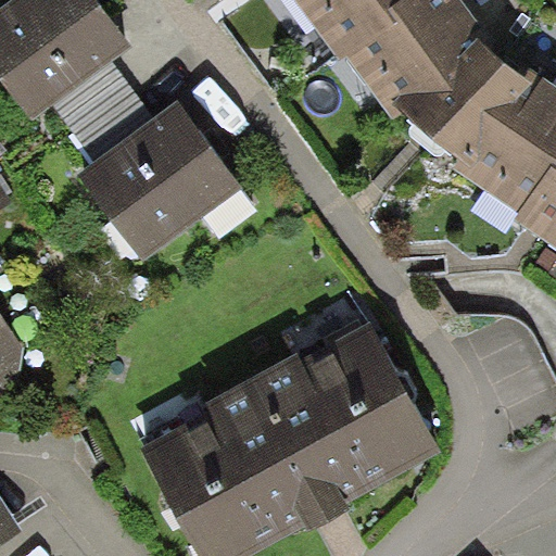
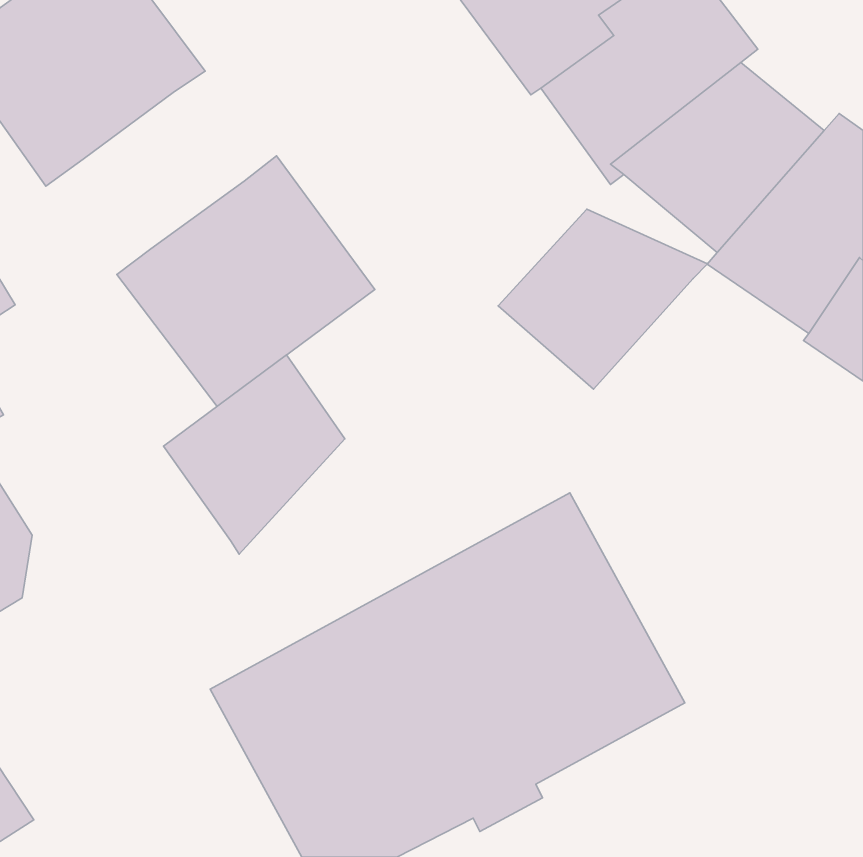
building: [53,59,156,160] -> none
building: none -> [498,209,707,389]
building: none -> [164,355,345,554]

